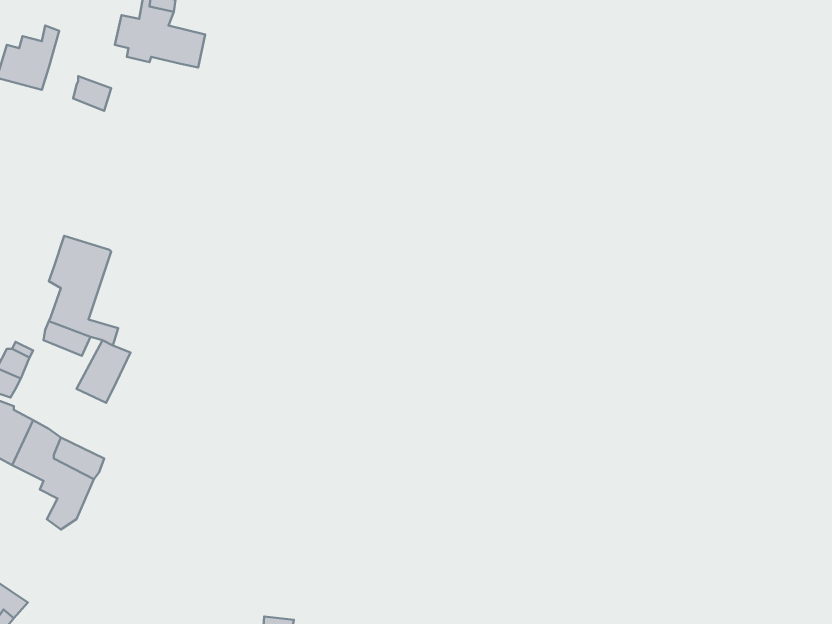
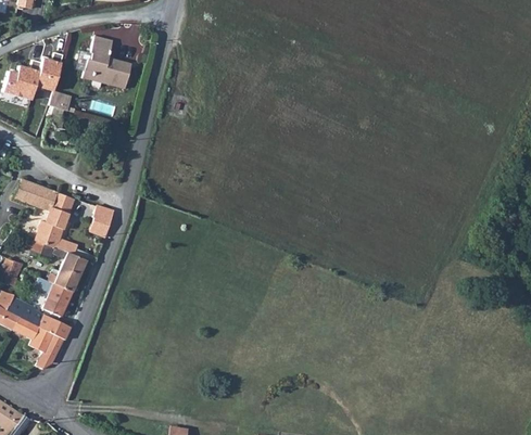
building: none -> [36,51,65,89]
building: none -> [15,180,46,208]
building: none -> [90,206,115,239]
building: none -> [35,279,72,317]

